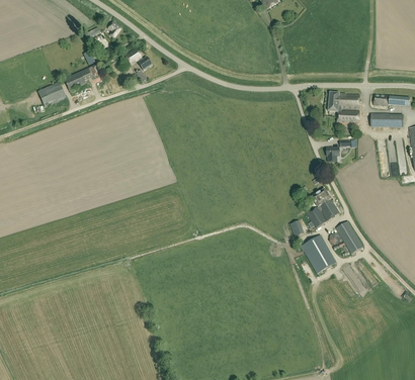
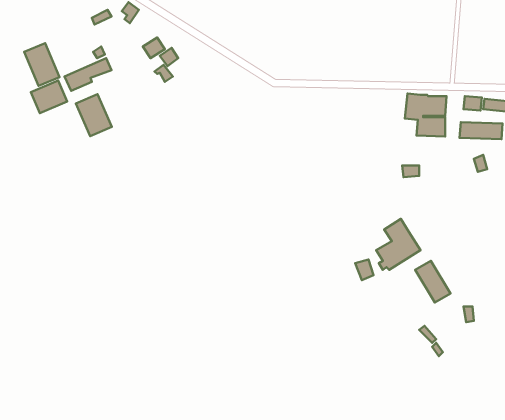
building: none -> [24,43,60,86]
building: none -> [76,94,112,136]
building: [300,234,336,274] -> none

